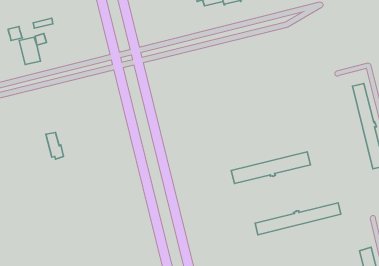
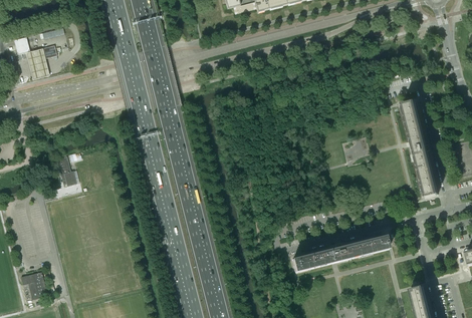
building: [231,152,311,184] -> none
building: none -> [21,271,47,298]

